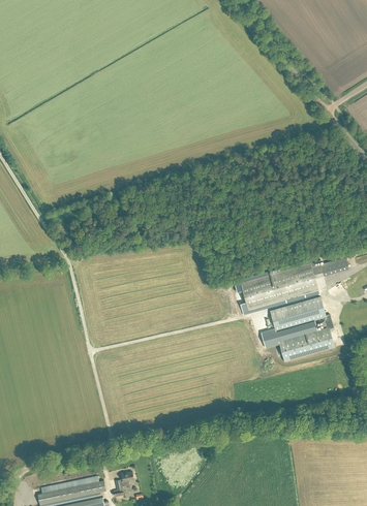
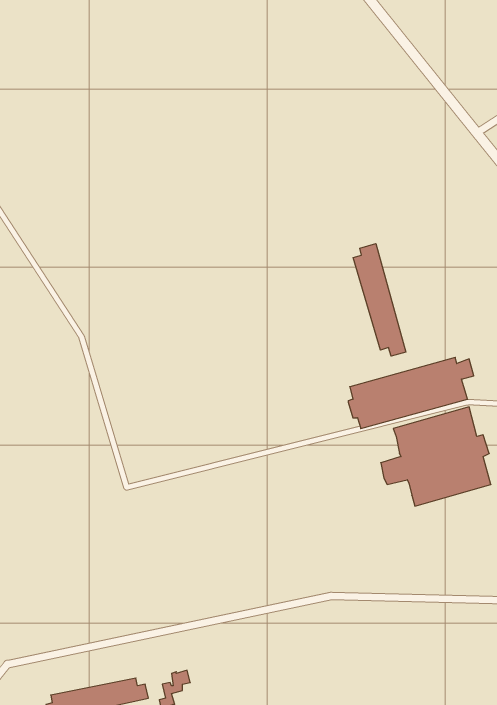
building: none -> [353,244,406,356]

